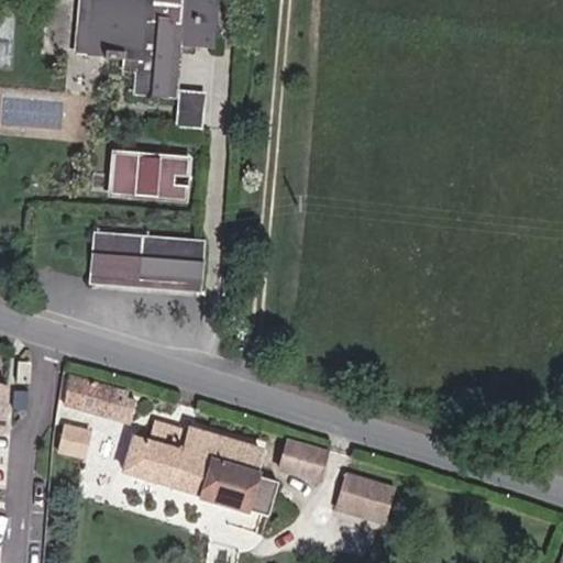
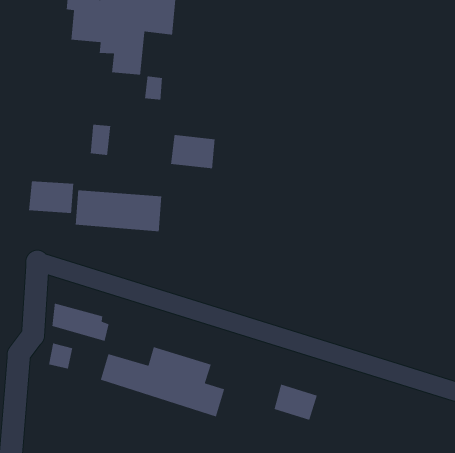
building: [133,155,189,198] -> [170,134,216,169]
building: none -> [28,180,74,214]
building: [280,441,327,477] -> none

